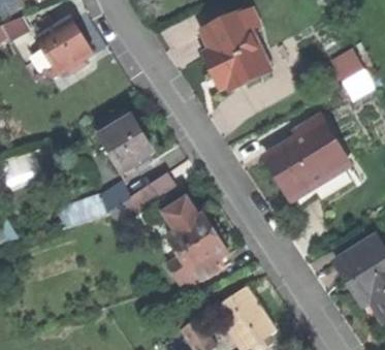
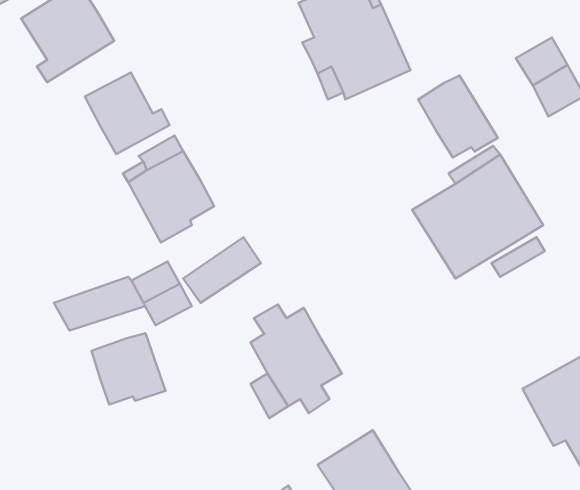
building: none -> [85,73,170,154]
building: none -> [418,75,498,158]
building: none -> [91,333,165,404]

